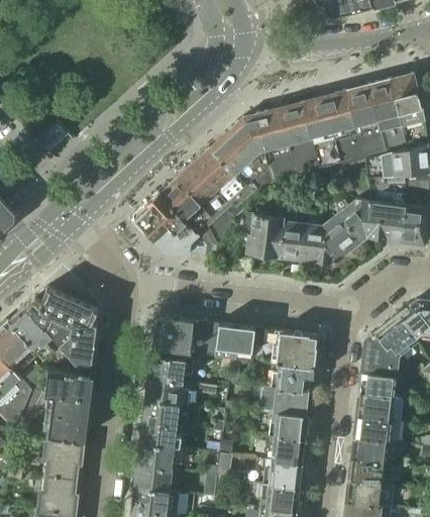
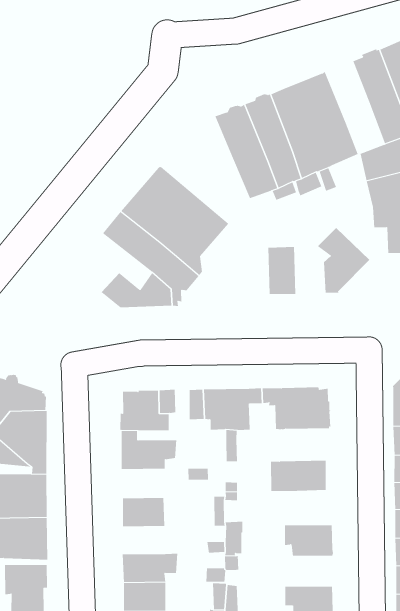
building: [347,85,386,159] -> none
building: [211,113,276,199] -> none
building: [135,193,193,240] -> none
building: [335,199,379,241] -> none
building: [239,212,285,257] -> none
building: [302,223,332,263] -> none
building: [272,364,315,392] -> none
building: [146,378,191,405] -> none
building: [268,412,310,442] -> none
building: [140,422,177,447] -> none
building: [262,462,303,490] -> none

